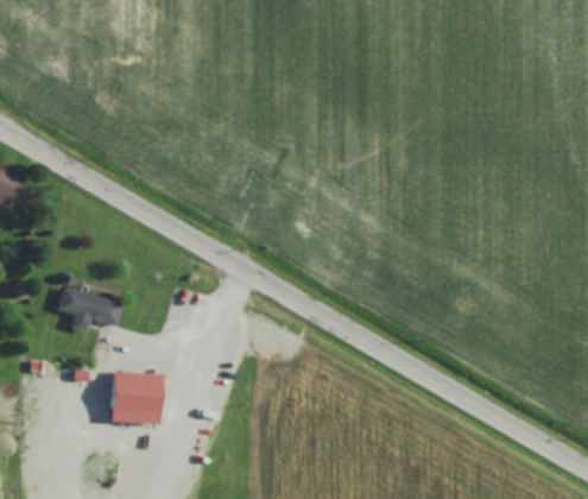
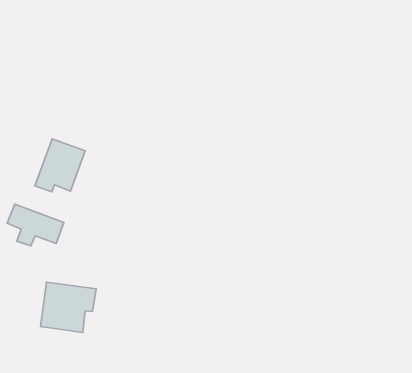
building: none -> [35,139,85,192]

